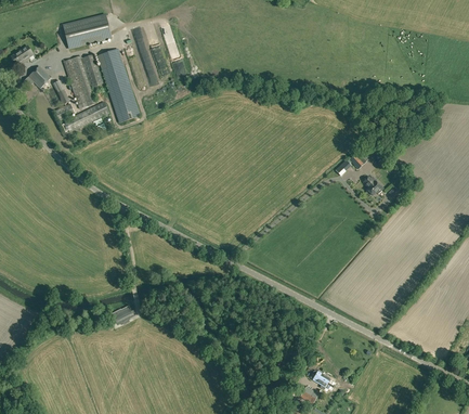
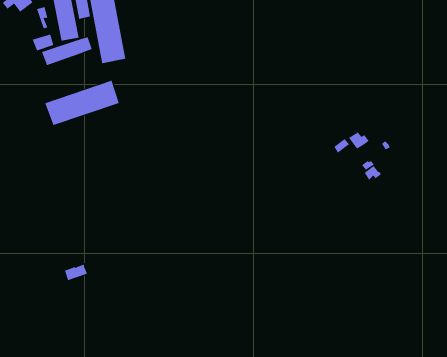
building: none -> [45,80,120,126]

